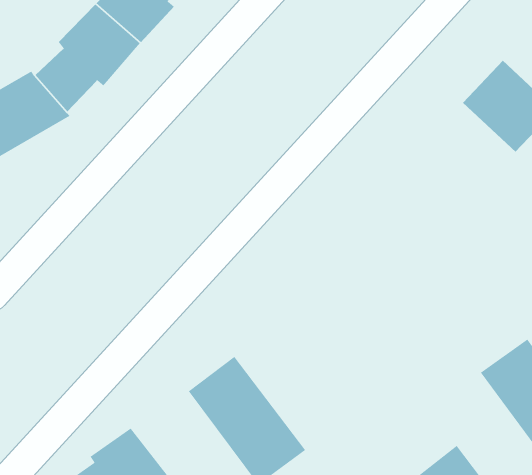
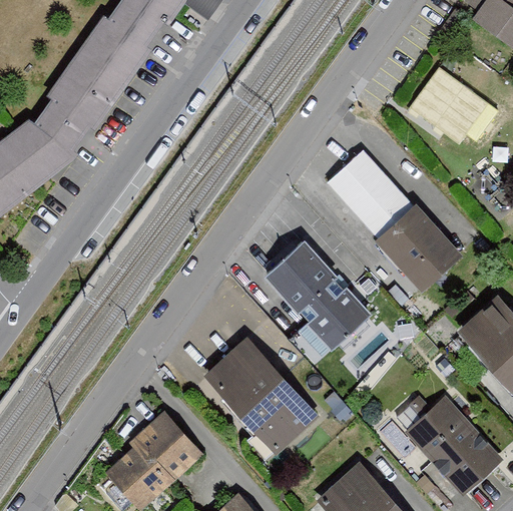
building: none -> [328,151,458,290]
building: none -> [261,241,365,351]

